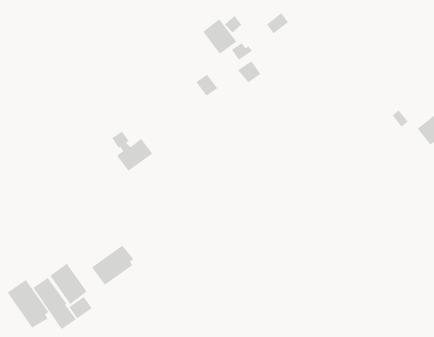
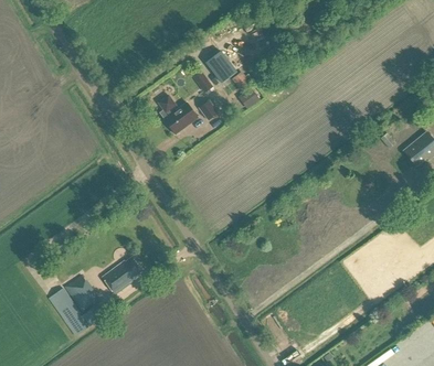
building: [111,131,153,172] -> [158,97,197,134]
building: [7,279,49,329] -> none

